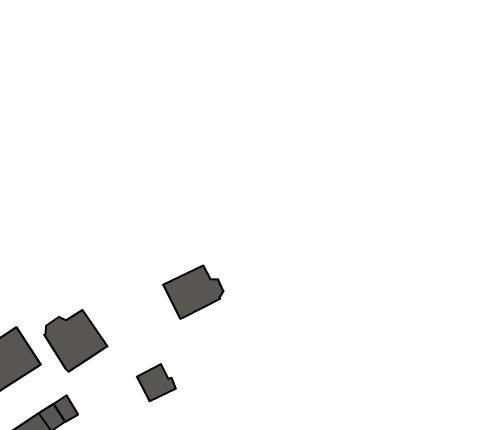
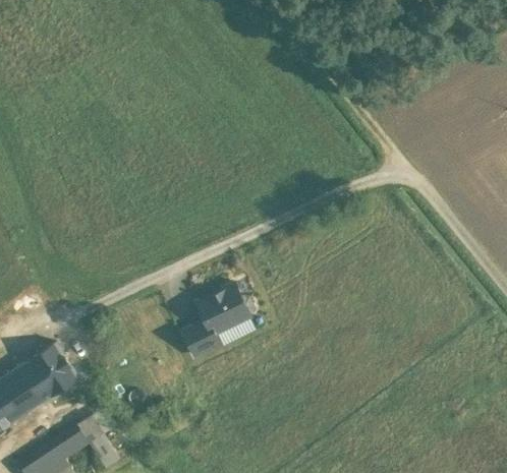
building: [44,310,108,372] -> none
building: [137,364,176,401] -> [180,321,218,357]

